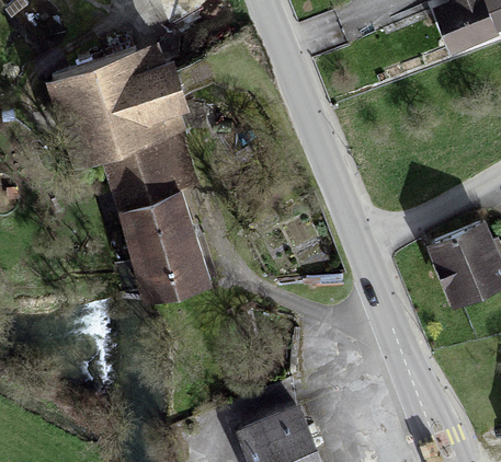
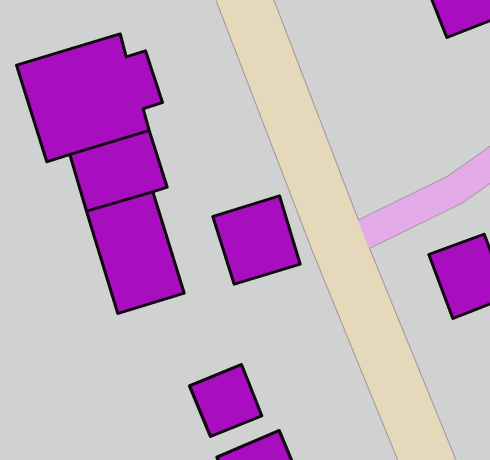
building: none -> [213,196,300,284]
building: none -> [189,365,262,437]

